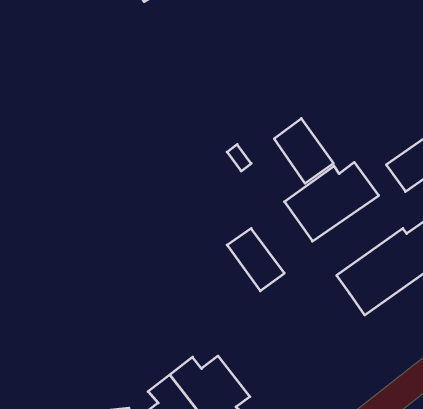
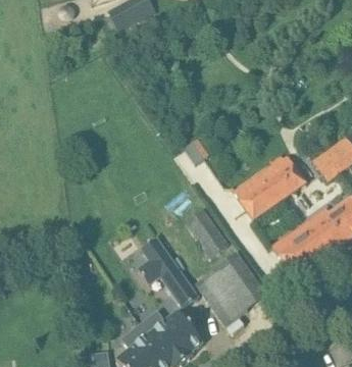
building: [274,118,333,183] -> none
building: none -> [138,238,199,308]
building: none -> [195,253,266,324]

